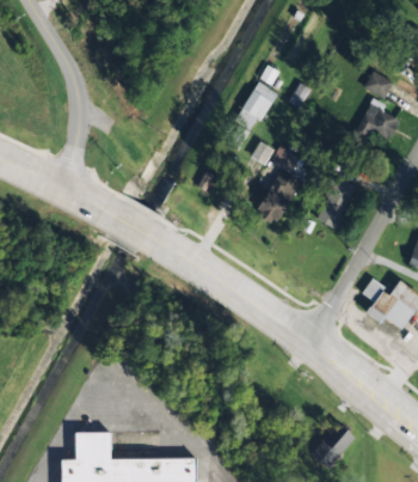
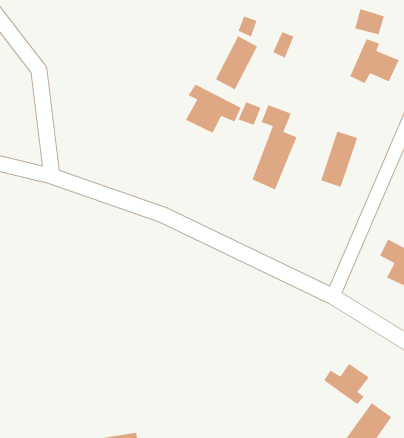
building: none -> [185,84,242,134]
building: none -> [323,363,370,405]

